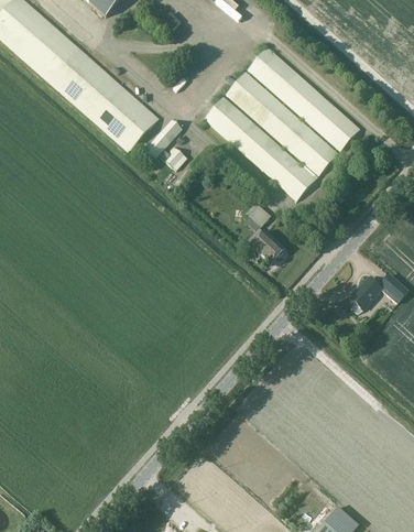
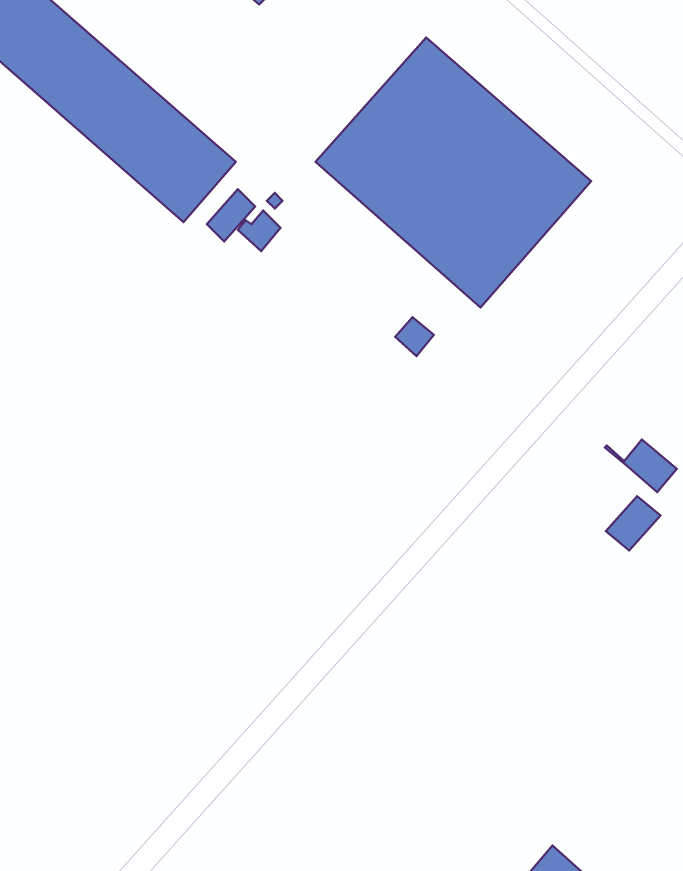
building: [248,230,283,264] -> none
building: [349,279,380,310] -> [606,496,660,550]

